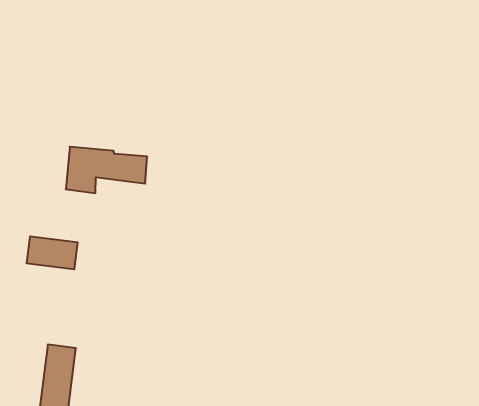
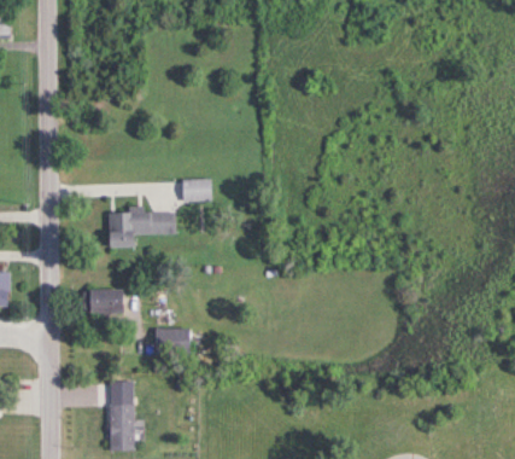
building: none -> [182,179,215,202]
building: none -> [154,329,193,350]

